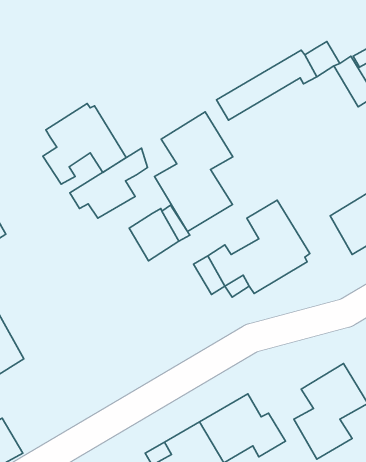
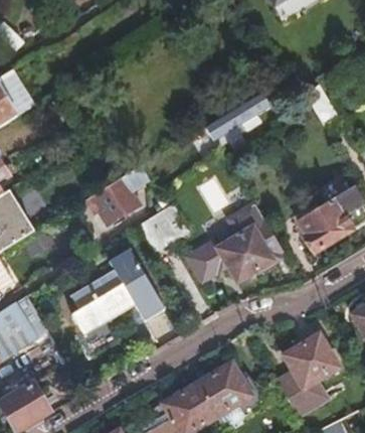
building: [43,104,126,184] -> none
building: [154,112,233,231] -> none
building: none -> [67,251,163,337]

